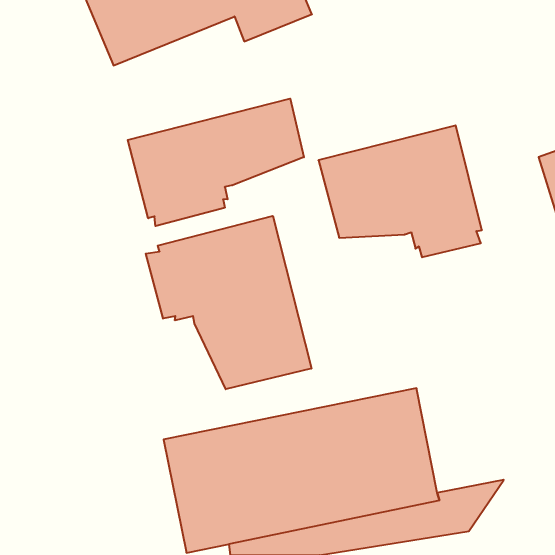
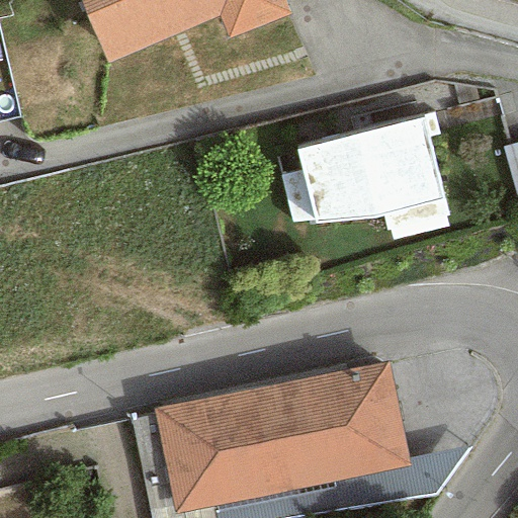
building: [128,99,304,226] -> none
building: [146,216,311,389] -> none

